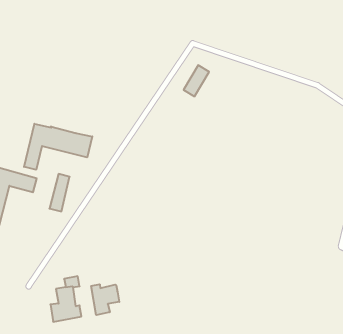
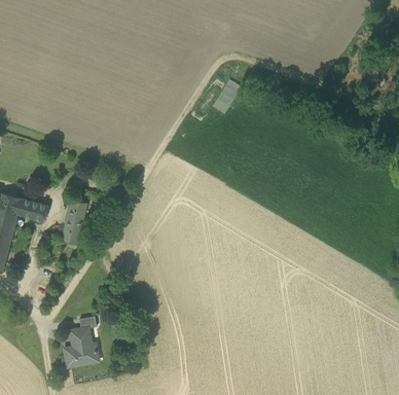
building: [24,124,92,170] -> none
building: [91,284,119,315] -> none

